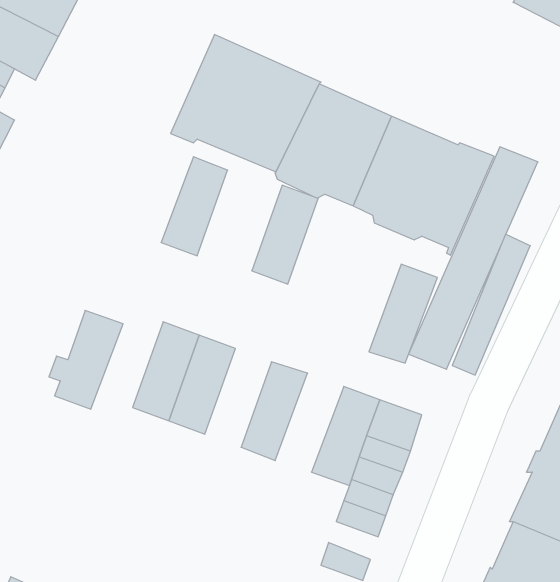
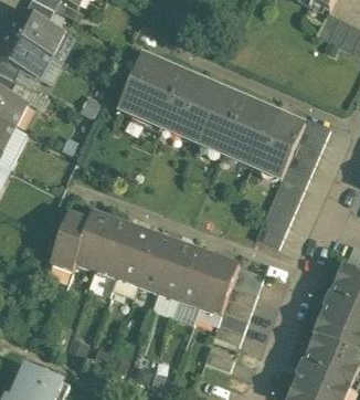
building: [161,157,228,256] -> [74,211,113,269]
building: [252,185,318,284] -> [137,234,176,292]
building: [369,264,437,363] -> [178,249,218,306]

